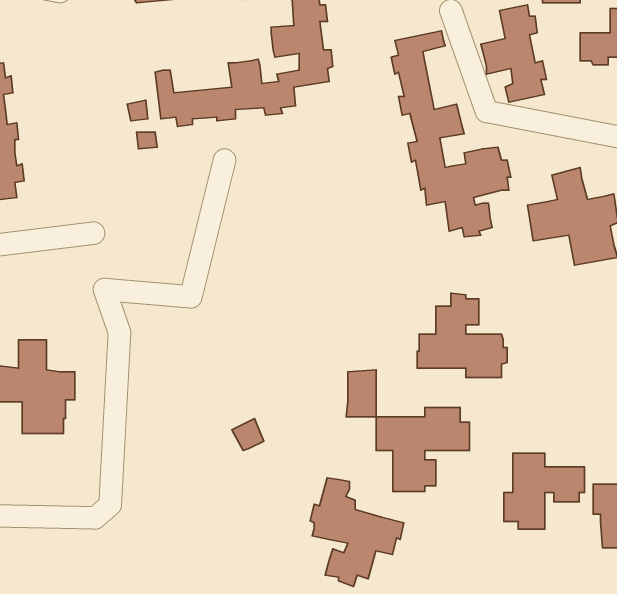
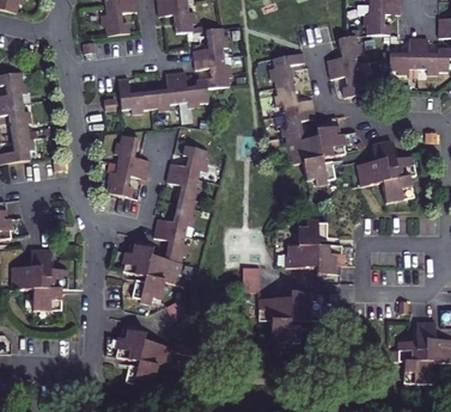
building: none -> [106,134,148,196]
building: none -> [122,143,207,303]
building: [504,453,584,529] -> none
building: [310,478,404,586] -> [115,319,175,388]

